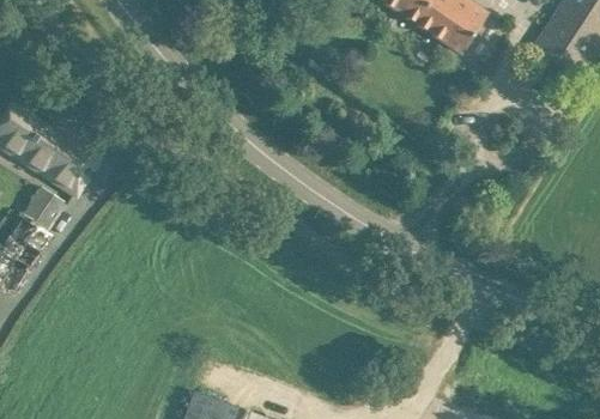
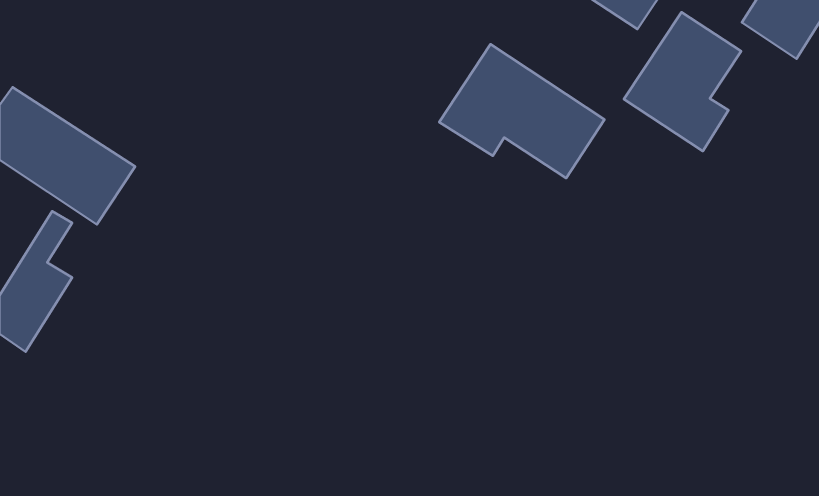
building: none -> [624,12,741,151]
building: none -> [439,44,605,178]

